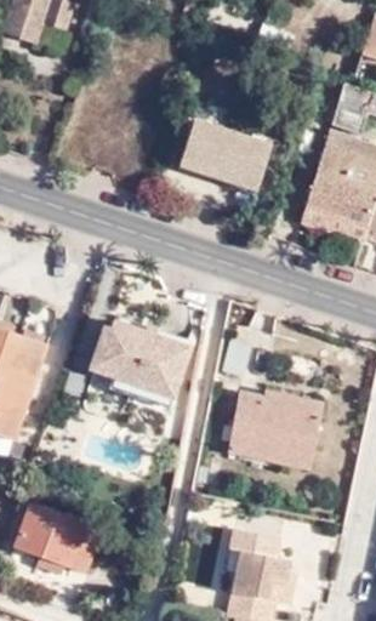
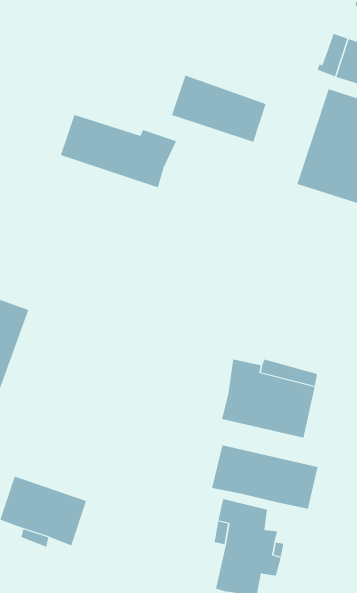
building: none -> [60,114,177,188]
building: [91,320,188,393] -> none
building: none -> [211,445,318,510]

